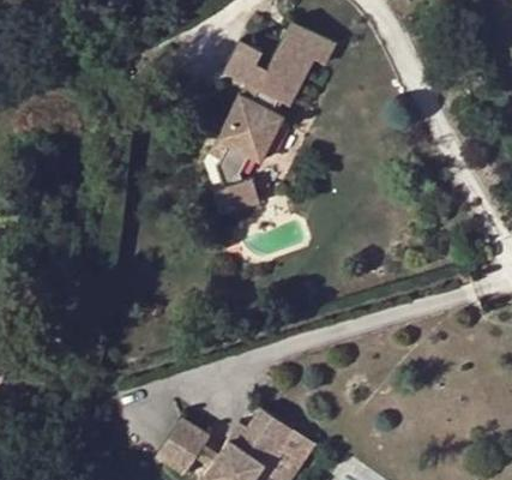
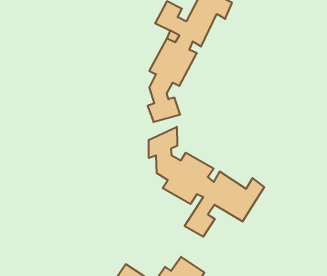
building: none -> [149,127,264,237]

